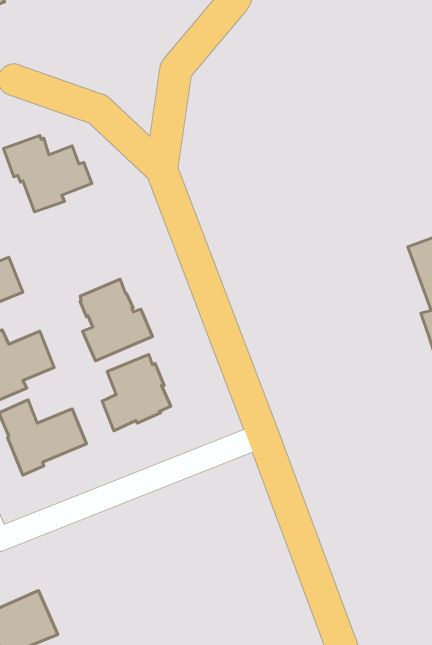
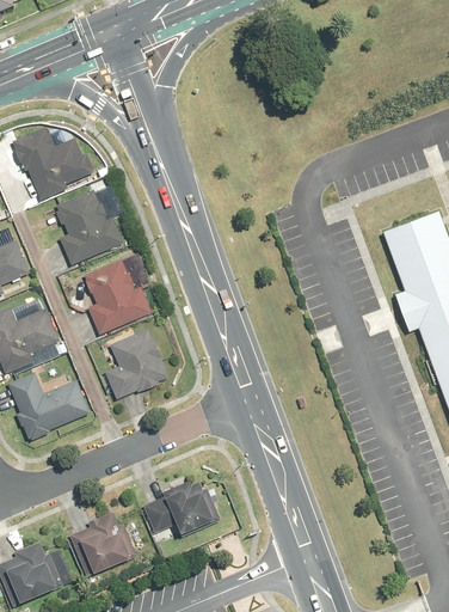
building: none -> [54,190,121,265]
building: none -> [141,479,219,537]
building: none -> [67,512,135,577]

